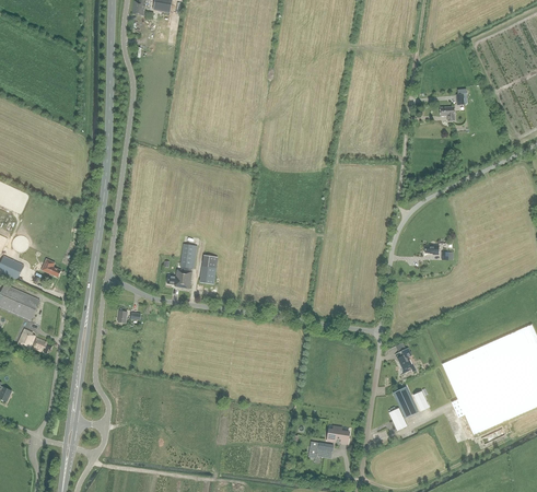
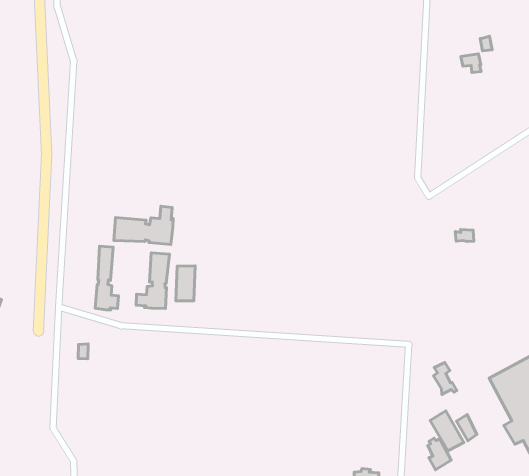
building: none -> [114,206,173,245]
building: none -> [95,246,119,310]

